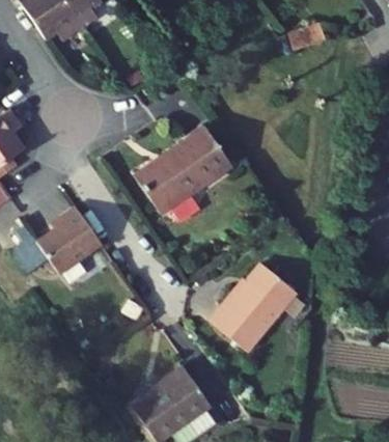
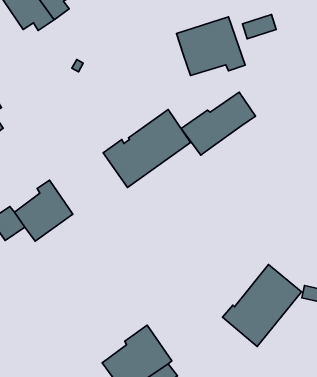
building: none -> [177,17,245,76]
building: none -> [181,92,255,155]
building: [209,261,296,352] -> [222,265,301,347]

